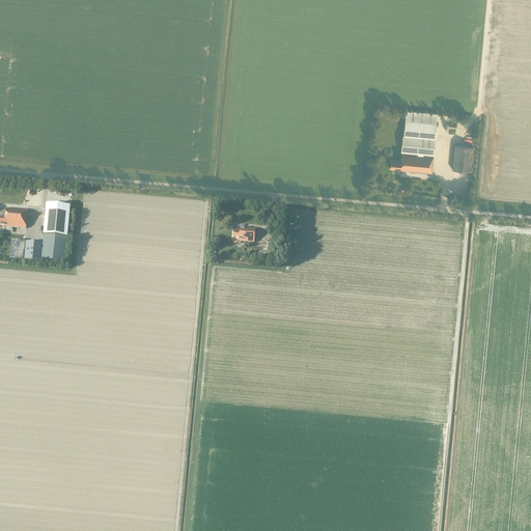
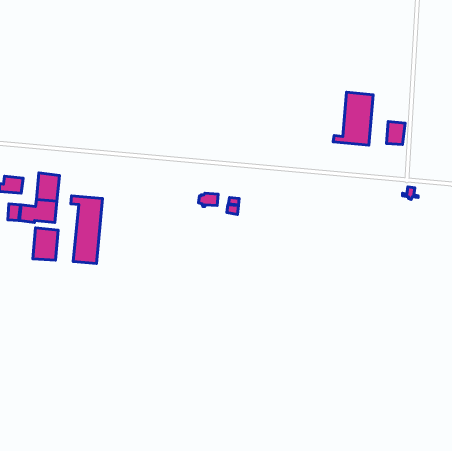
building: none -> [71,196,103,264]
building: none -> [33,228,58,260]

